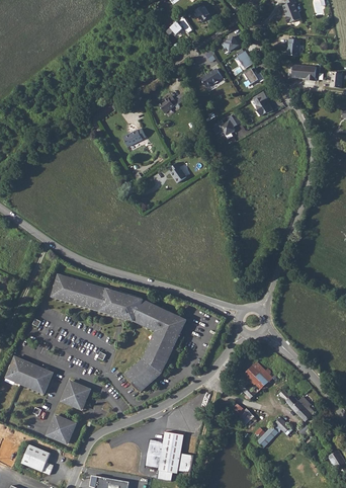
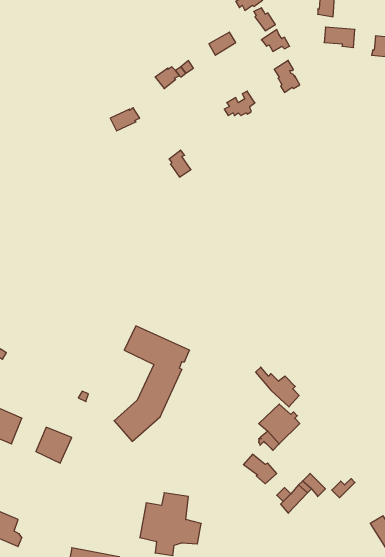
building: [52,274,143,319] -> none
building: [279,389,314,420] -> [256,367,299,407]
building: [49,414,77,441] -> none

